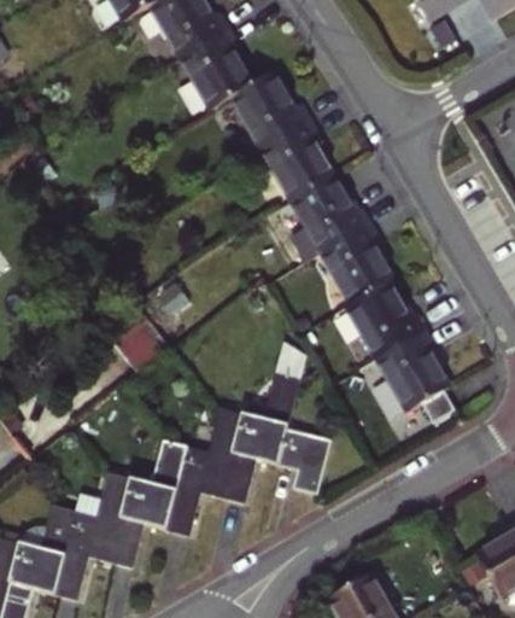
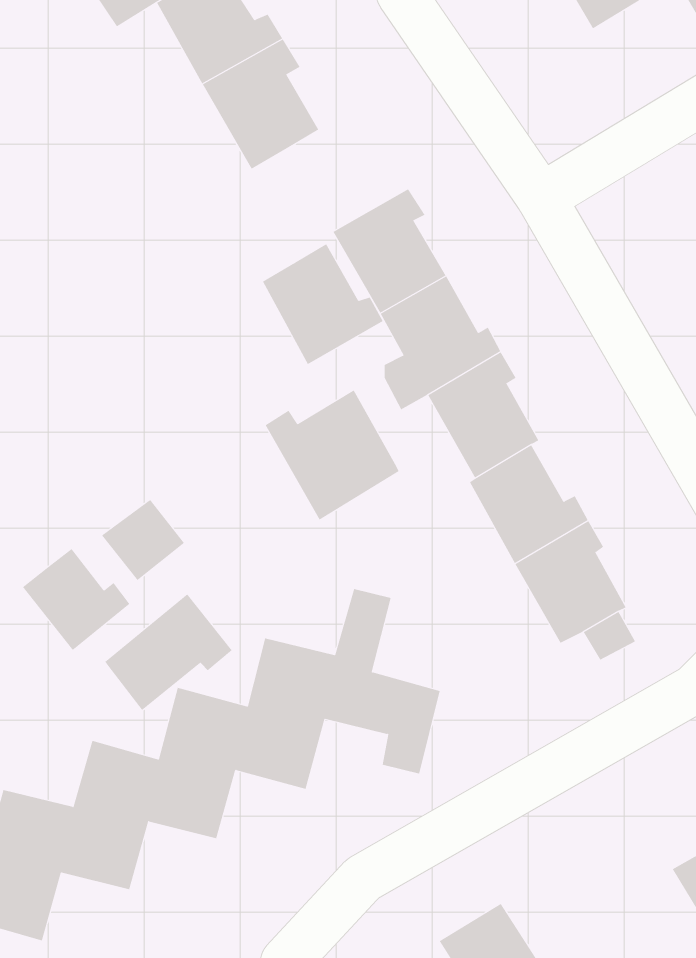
building: [232,71,309,148] -> [262,244,383,365]
building: none -> [265,390,400,521]
building: none -> [22,548,130,651]
building: none -> [104,593,233,711]

